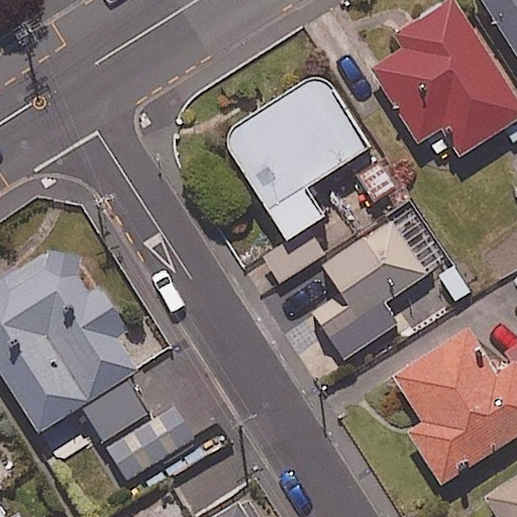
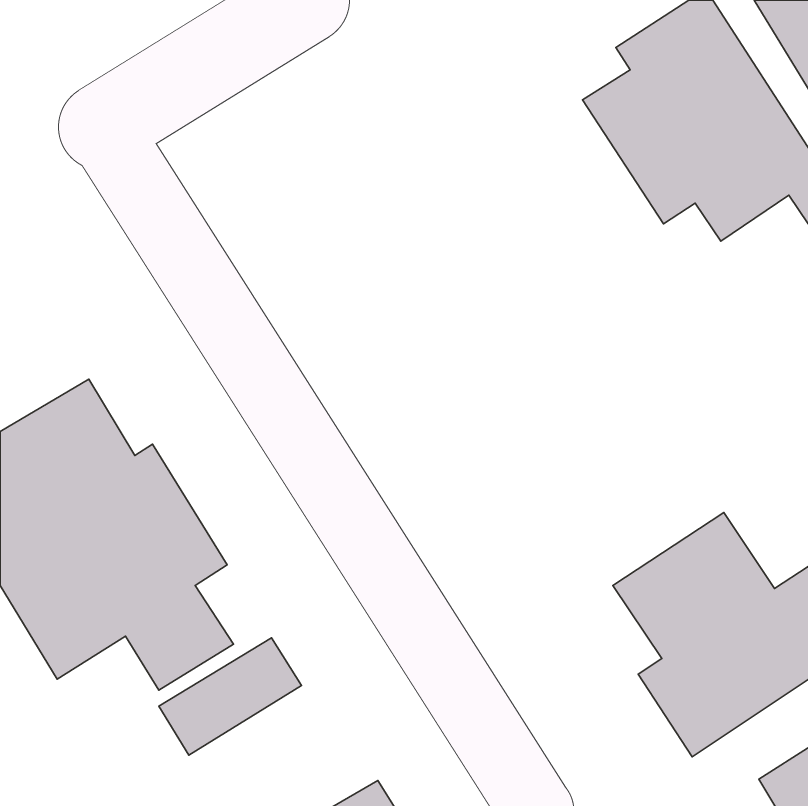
building: [219,70,370,240] -> none
building: [313,217,428,359] -> none

